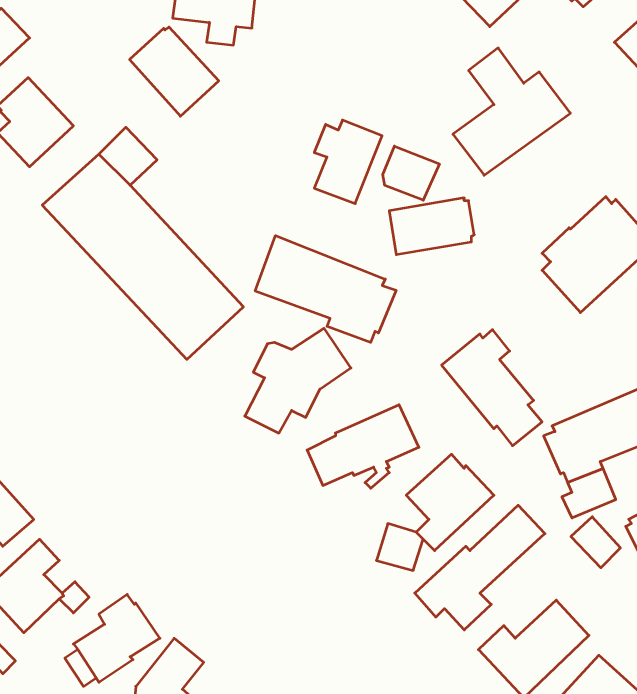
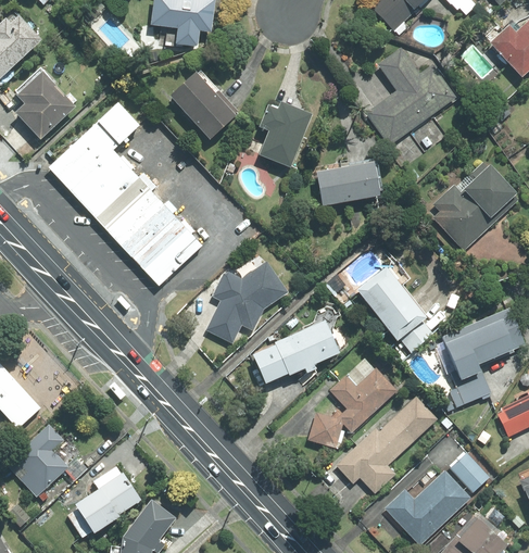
building: [130,27,219,116] -> [169,71,238,139]
building: [383,146,439,200] -> none
building: [255,236,396,342] -> none
building: [571,517,620,568] -> [450,453,488,492]

